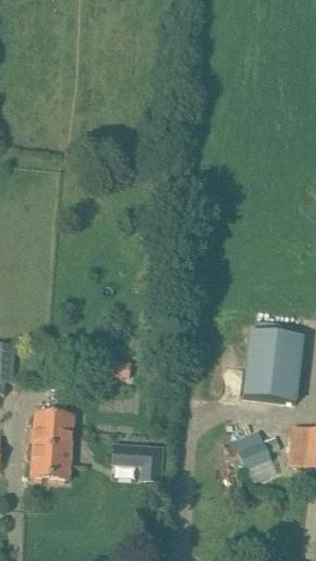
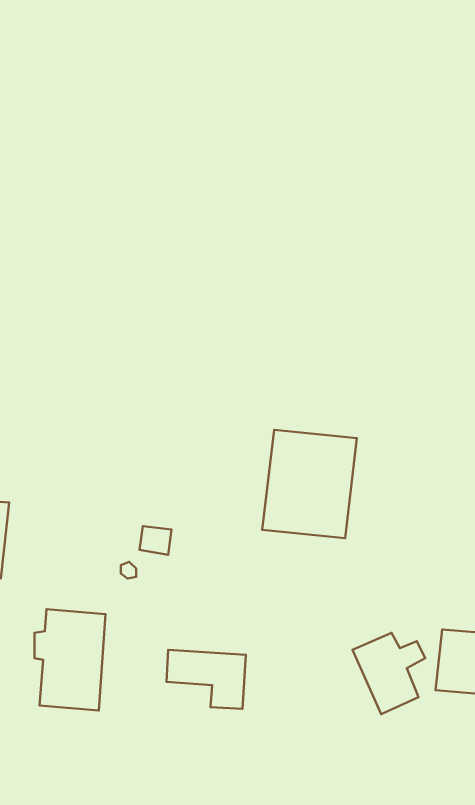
building: [242,331,304,401] -> [262,430,357,538]

